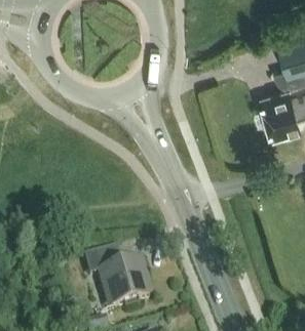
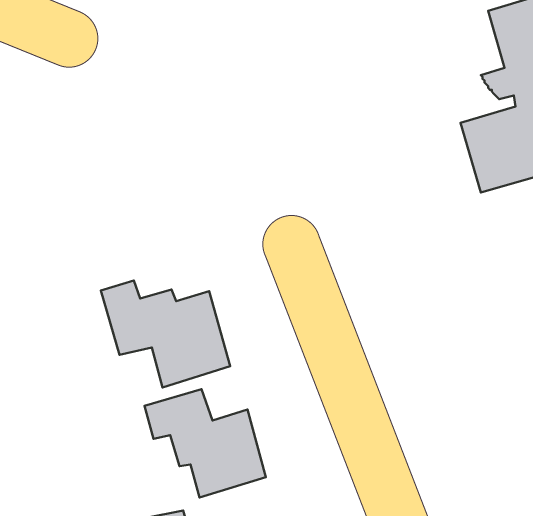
building: none -> [101,281,230,387]

